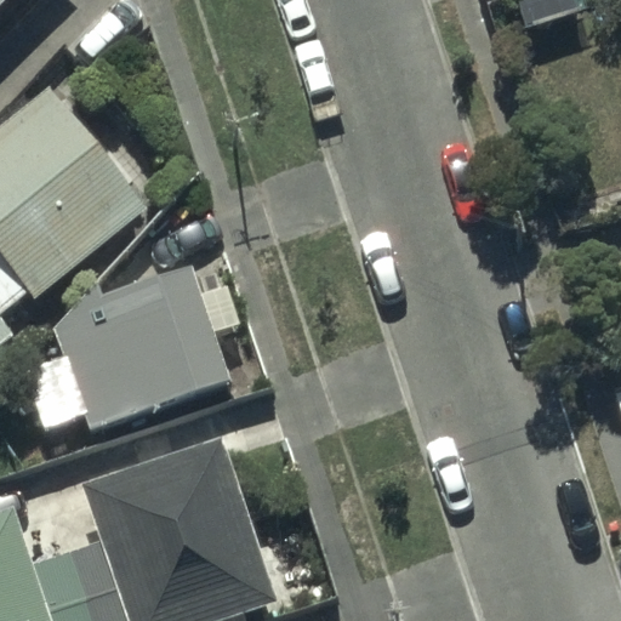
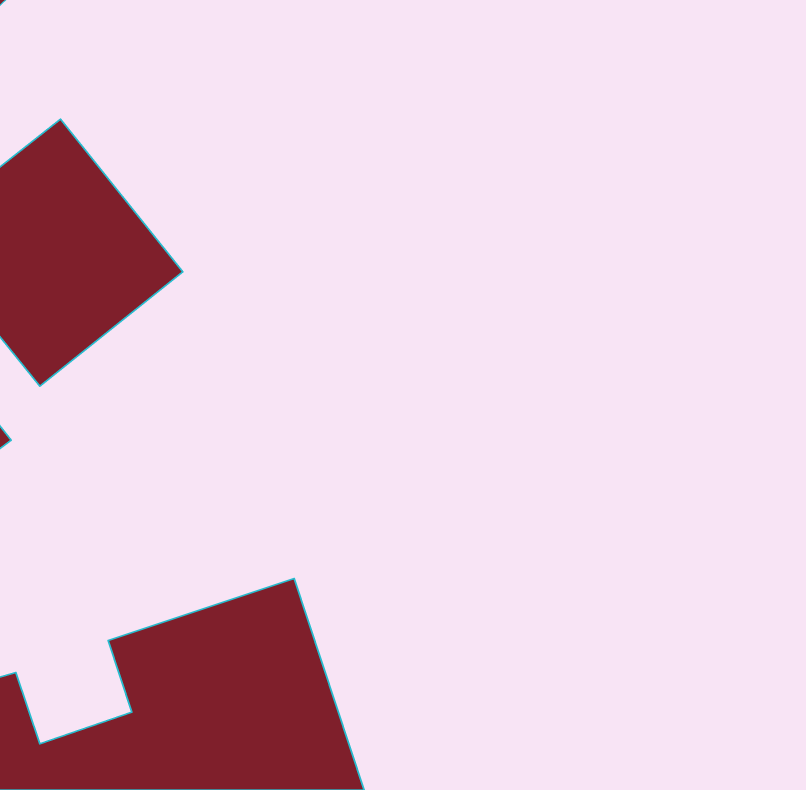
building: [57,264,229,433] -> none

